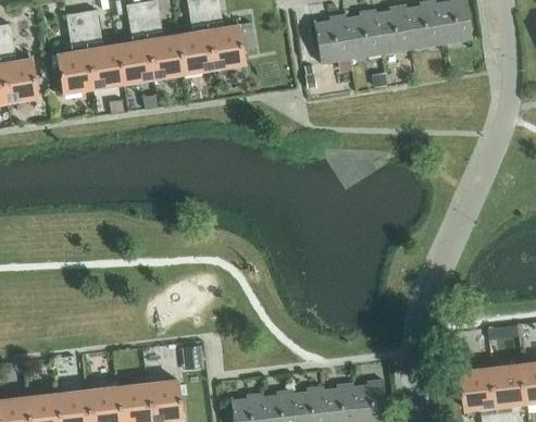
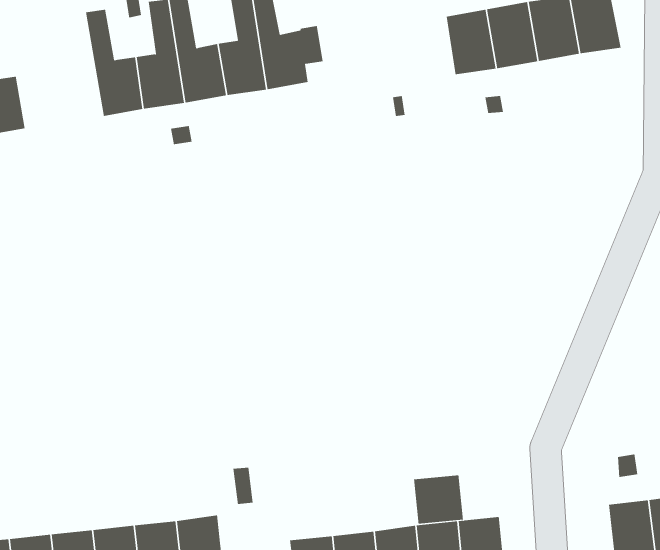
building: [58,12,95,92] -> none
building: [314,15,351,63] -> none
building: none -> [414,475,463,525]

